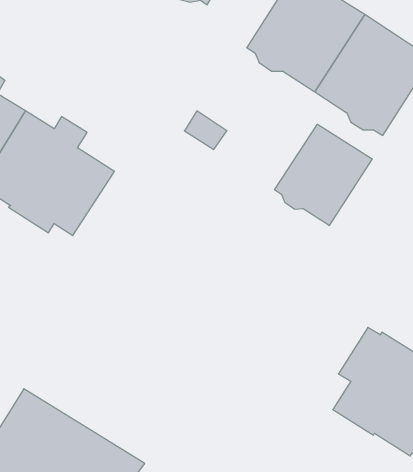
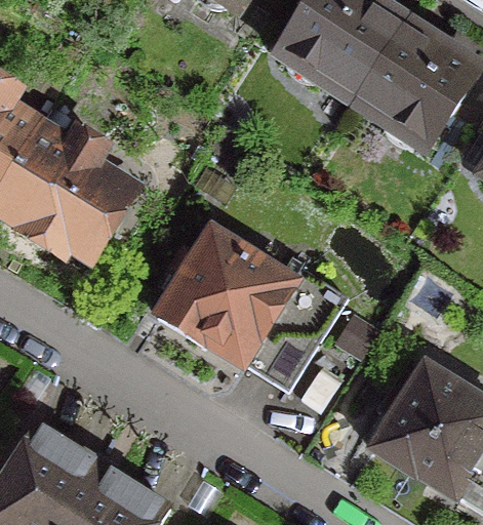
building: [275,124,372,226] -> none
building: none -> [157,230,345,388]

